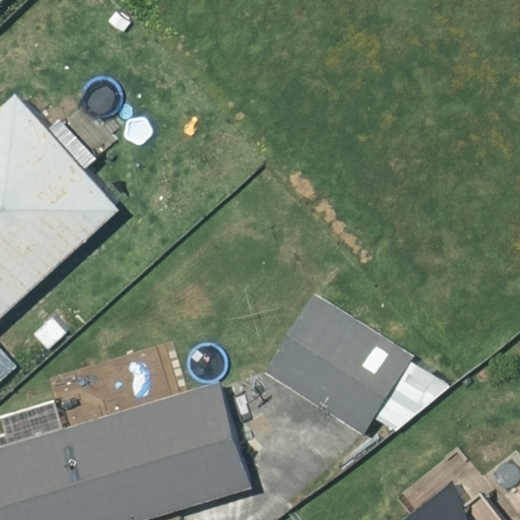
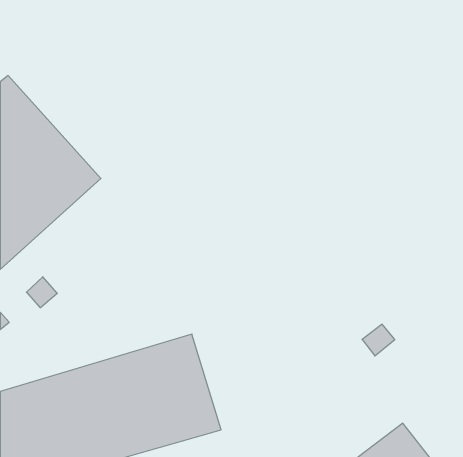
building: [266,275,412,435] -> none

